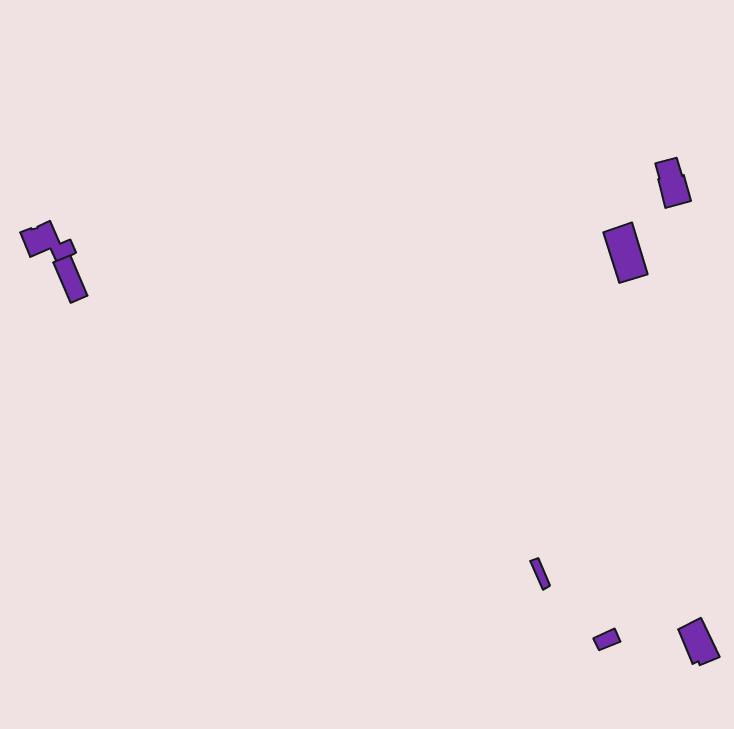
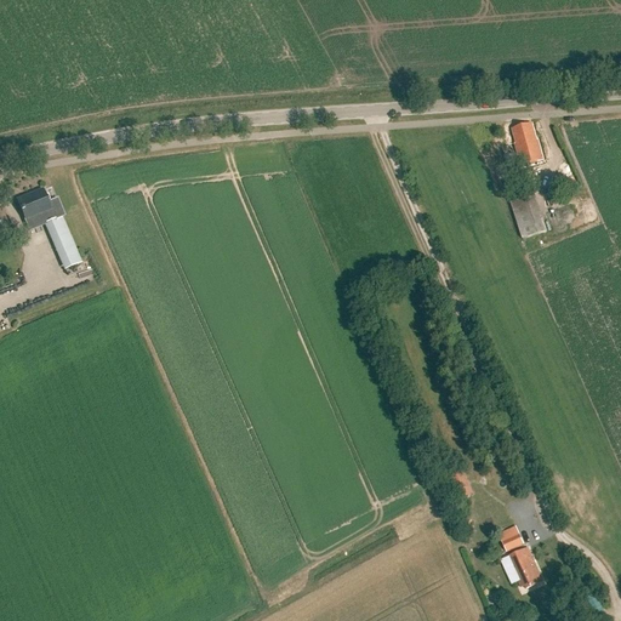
building: [655,158,691,208] -> [513,123,543,165]
building: [678,618,720,665] -> [508,546,543,586]

